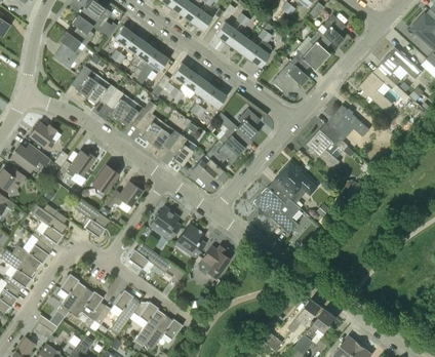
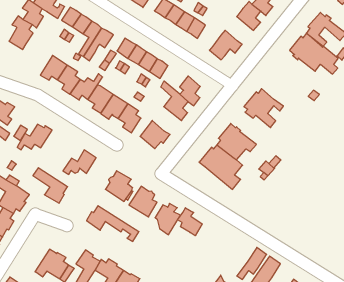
building: [290,46,321,73] -> none
building: [73,66,101,97] -> none
building: [326,105,372,138] -> none
building: [205,140,237,166] -> none
building: [91,165,119,194] -> none
building: none -> [177,208,202,236]
building: [55,274,85,317] -> none

